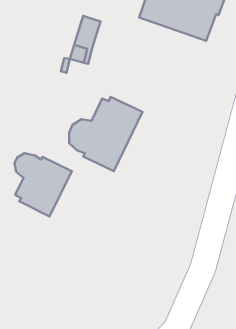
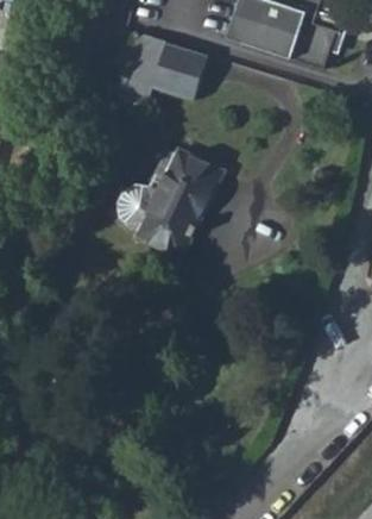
building: none -> [151,42,206,93]
building: [14,153,72,216] -> none

